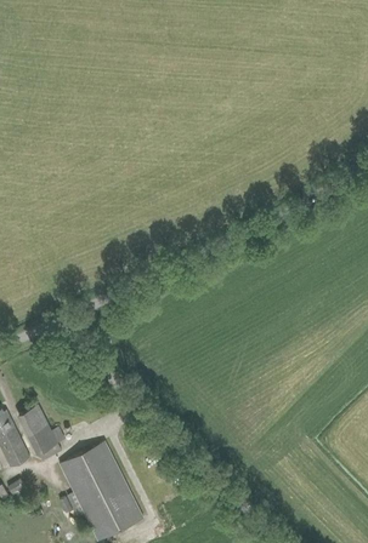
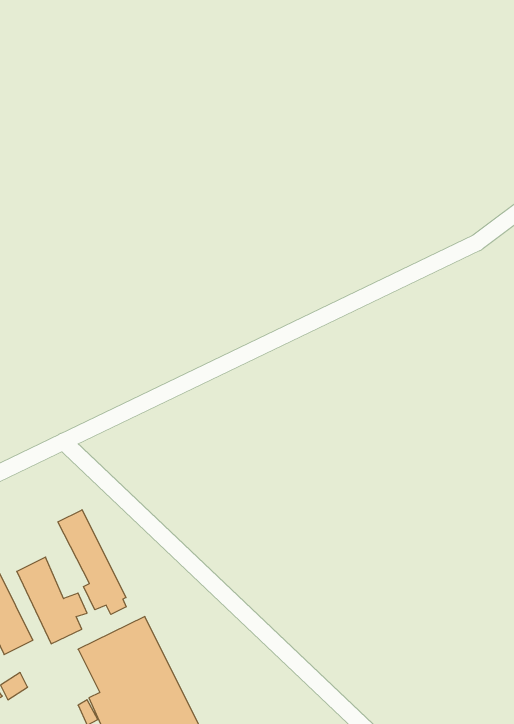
building: none -> [58,510,126,614]

